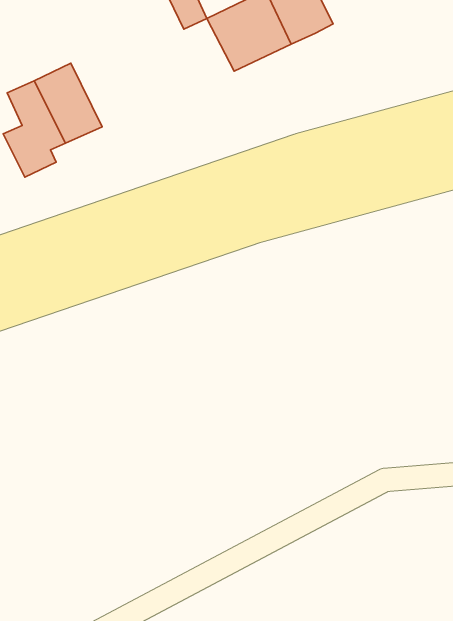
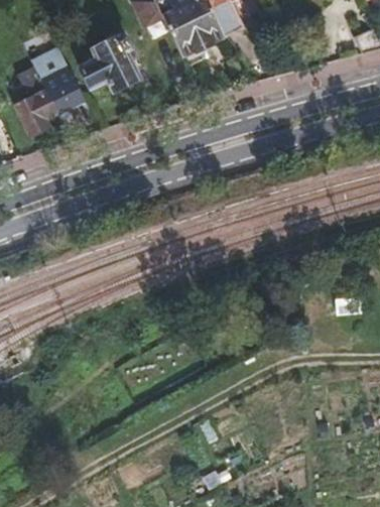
building: none -> [79,30,137,89]

